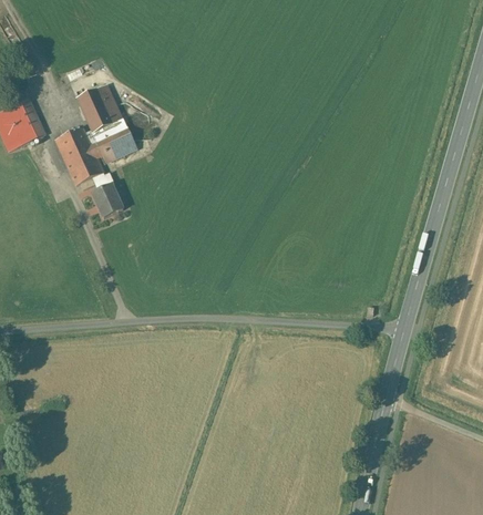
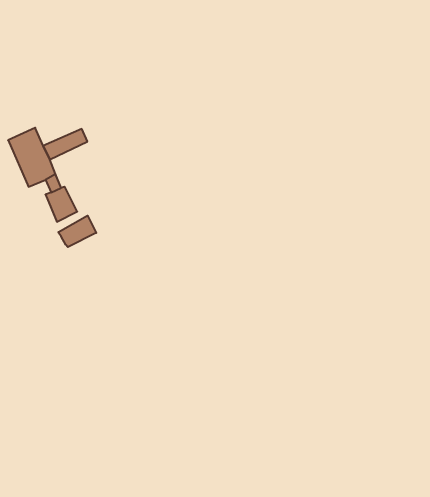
building: [76,84,122,133] -> none
building: none -> [58,216,96,247]

